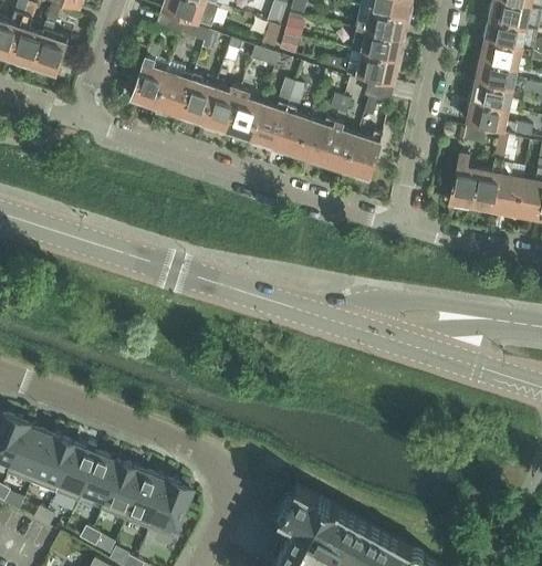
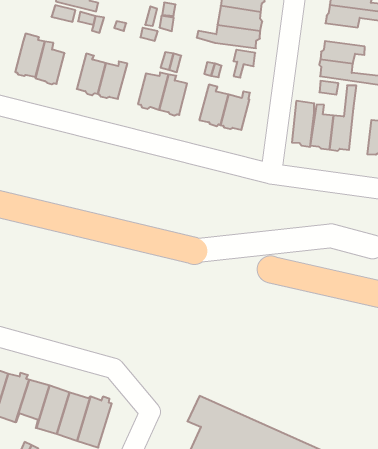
building: [475,59,523,90] -> none
building: [155,62,192,114] -> [15,34,45,77]
building: [226,88,261,138] -> none
building: [296,117,334,161] -> none
building: [493,161,523,217] -> [292,101,314,147]

